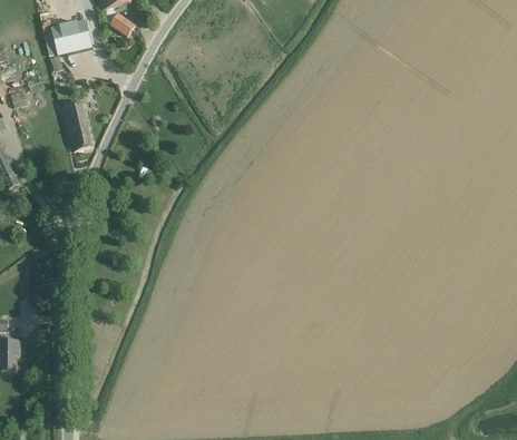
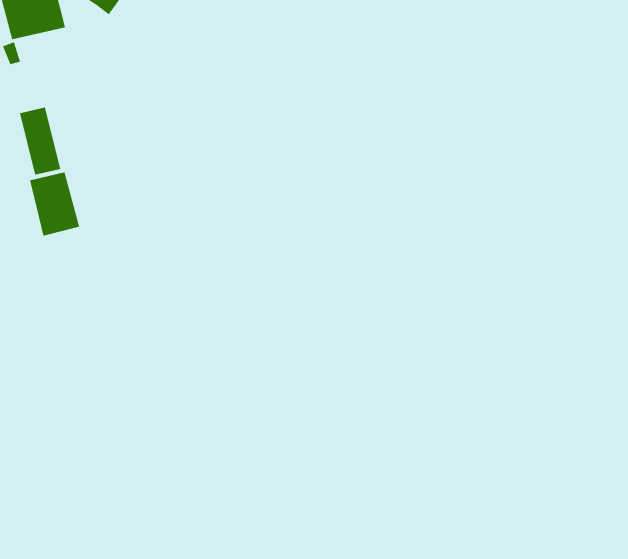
building: none -> [30,172,80,236]

